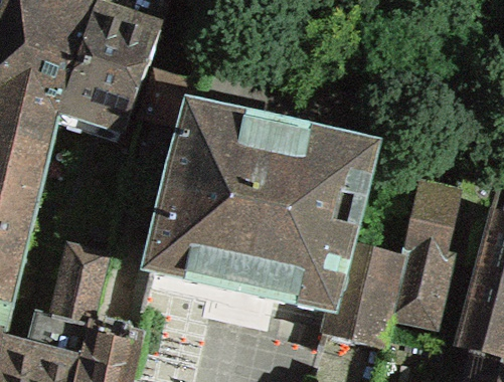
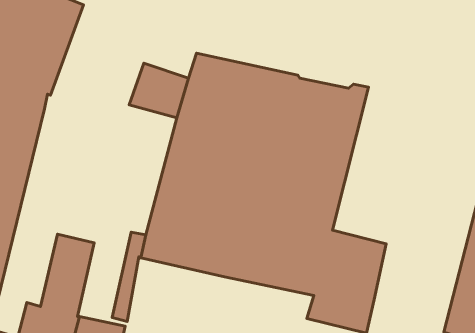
building: [53,17,157,142] -> none
building: [387,191,457,326] -> none

